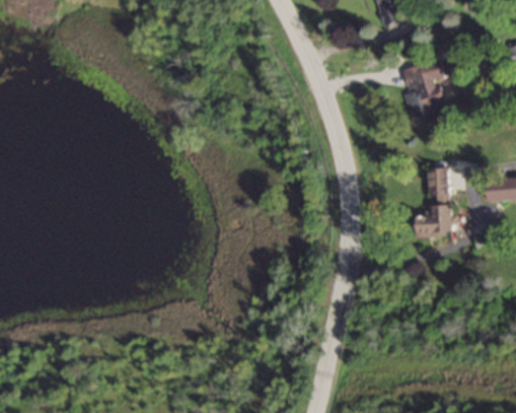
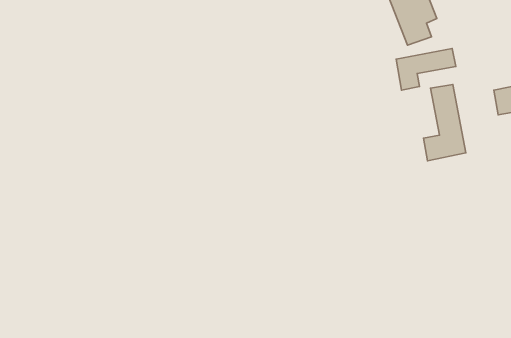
building: none -> [396,48,456,90]

